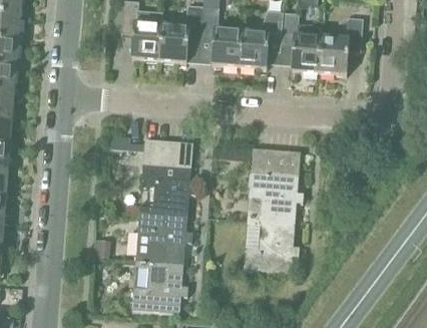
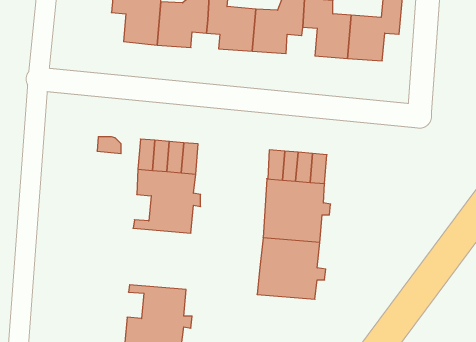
building: [135,212,191,263] -> none

